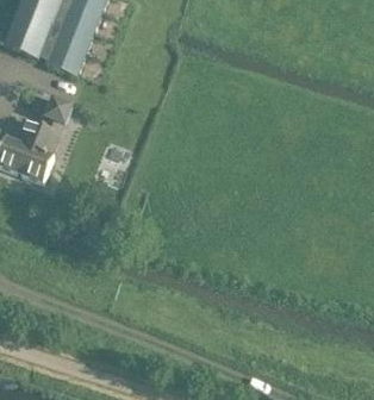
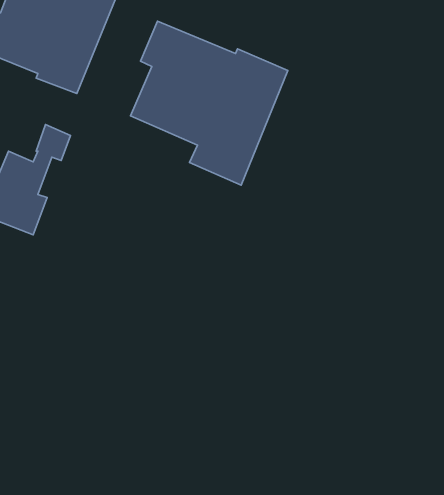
building: none -> [130,21,288,185]

